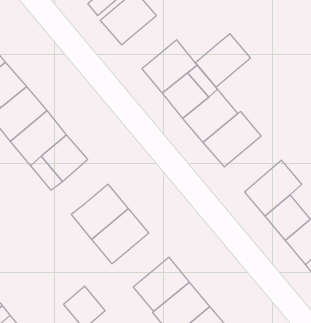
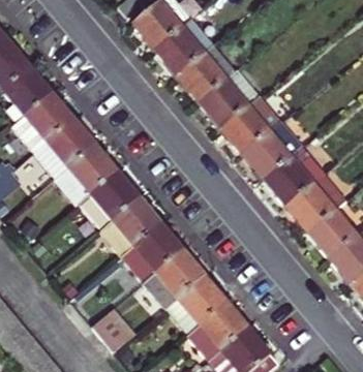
building: [195,34,251,87] -> [154,18,213,74]
building: none -> [264,146,325,206]
building: none -> [91,171,140,220]
building: none -> [144,249,205,308]

